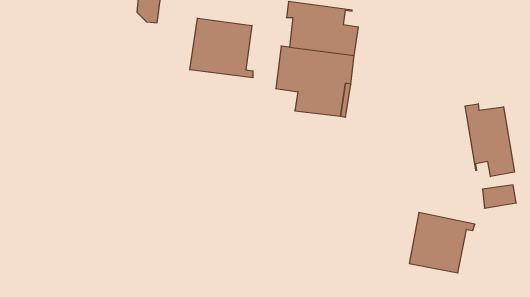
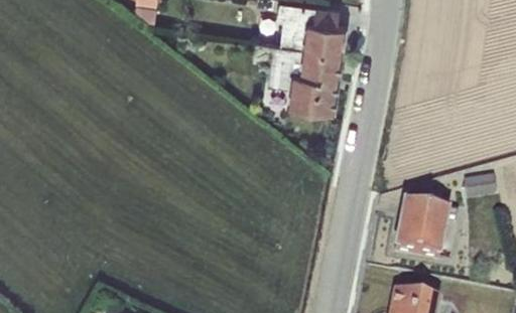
building: [190,18,253,78] -> none
building: [465,104,514,177] -> none

